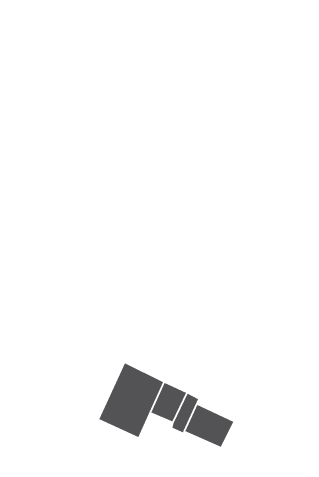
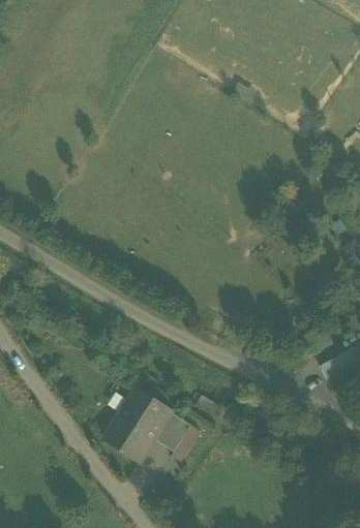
building: [184,404,234,448] -> none

